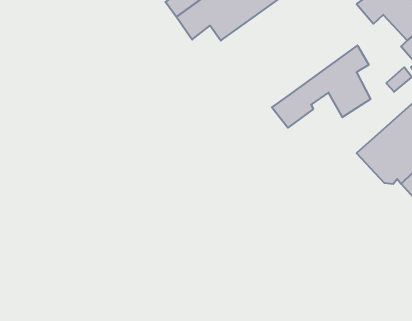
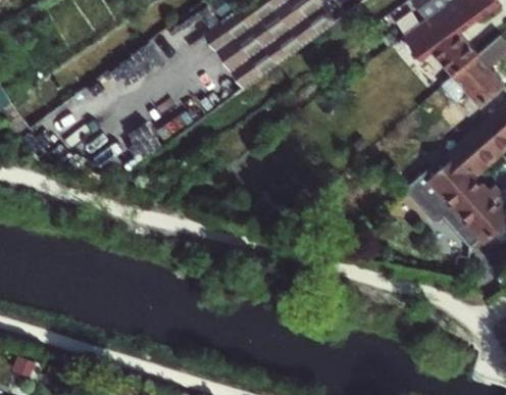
building: [272,45,370,128] -> none

